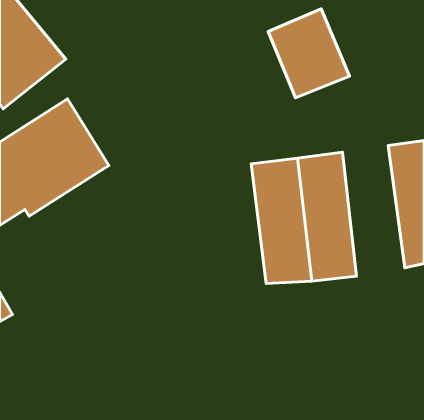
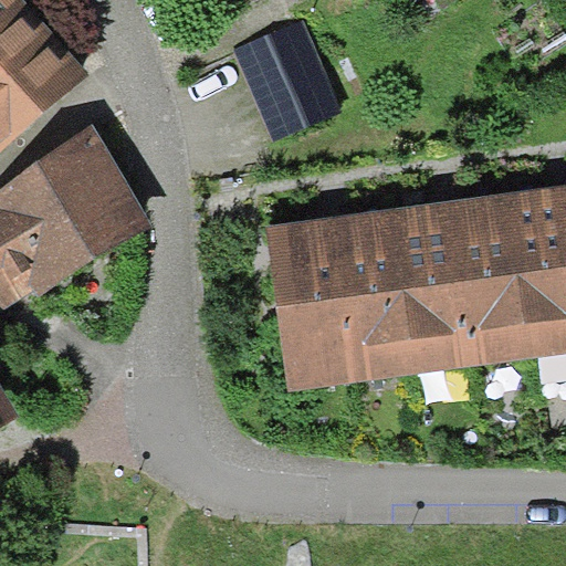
building: [268,9,350,98] -> [235,17,344,135]
building: none -> [455,193,538,367]
building: none -> [270,218,354,385]

